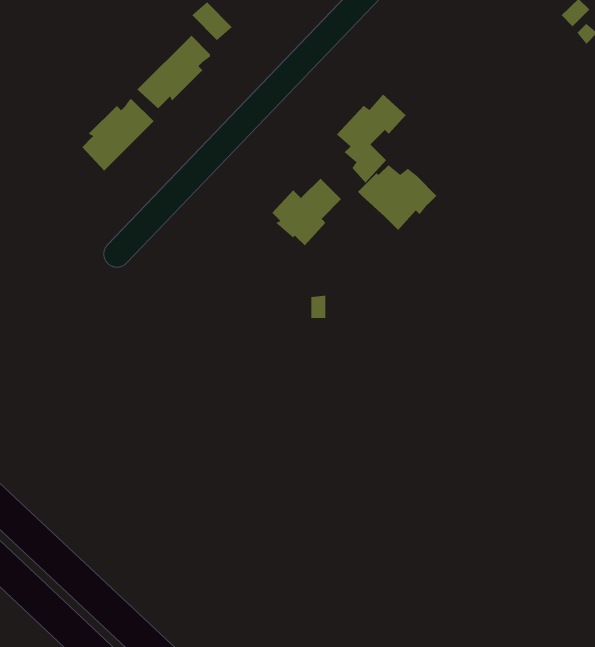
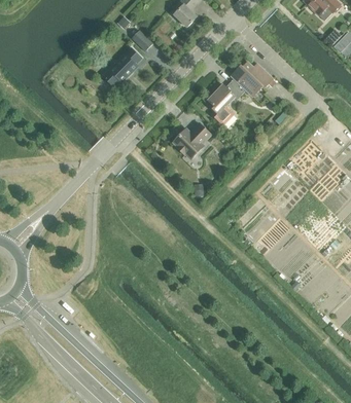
building: [81,99,154,172] -> none
building: [357,164,437,231] -> [231,62,273,97]

